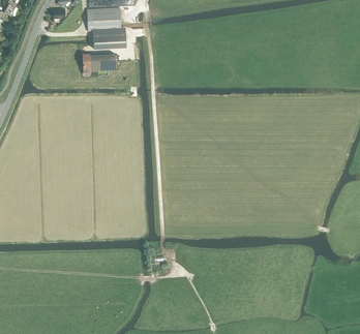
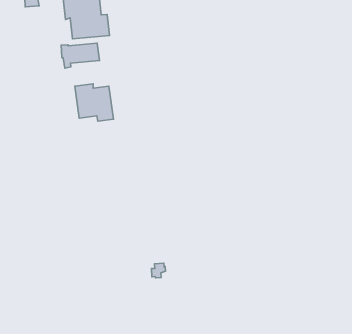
building: none -> [75,84,114,121]

